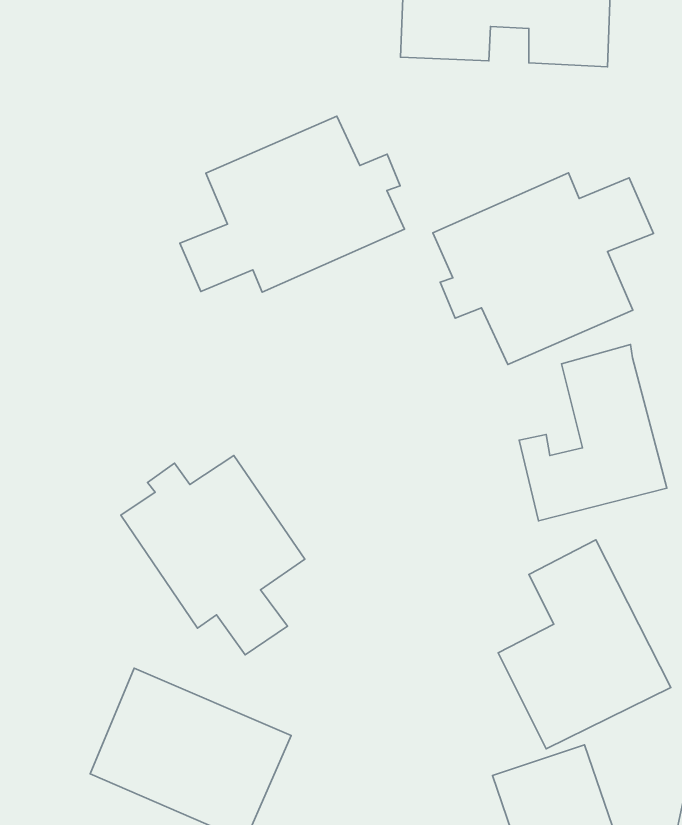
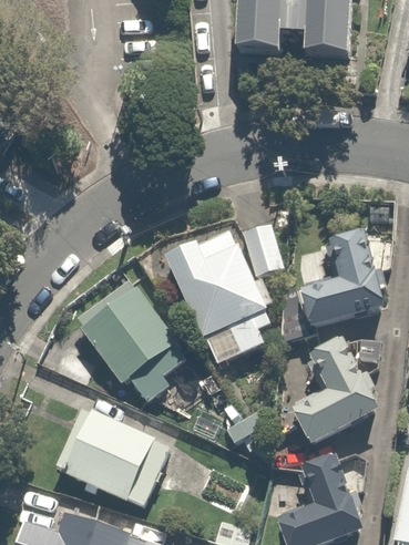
building: [180,116,405,292] -> none
building: [433,173,653,365] -> none
building: none -> [165,213,289,369]

